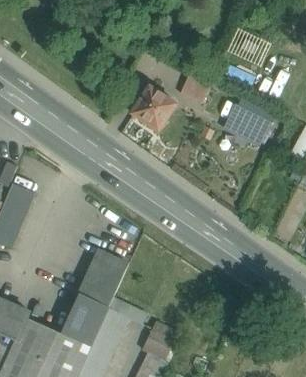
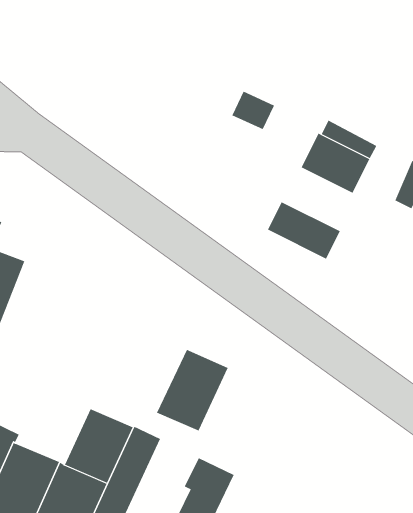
building: [132,86,177,131] -> none
building: none -> [267,201,340,259]
building: [78,250,128,307] -> [156,349,228,431]

